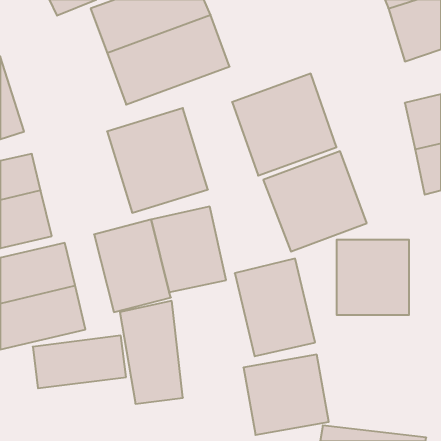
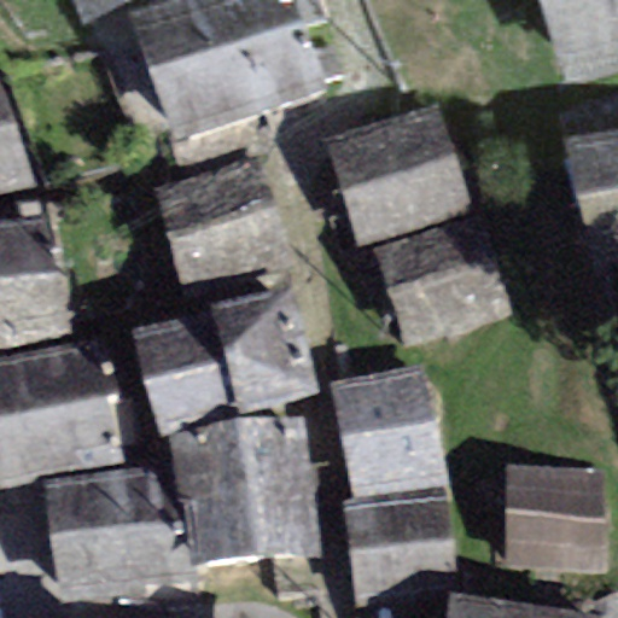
building: [337,240,409,315] -> [505,467,606,572]
building: none -> [240,418,317,555]
building: none -> [53,526,185,601]

